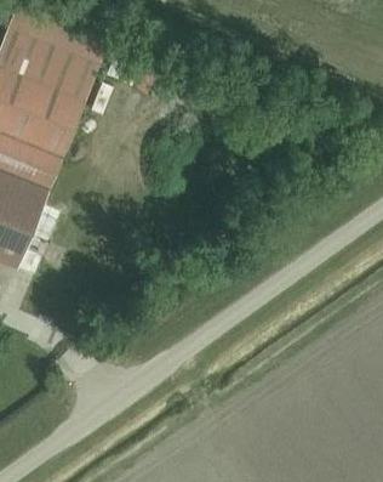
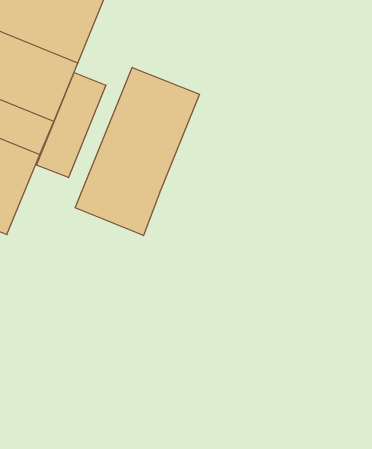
building: none -> [75,67,200,236]
building: none -> [36,73,106,178]

